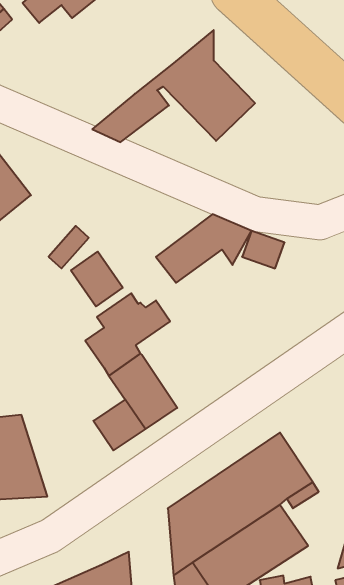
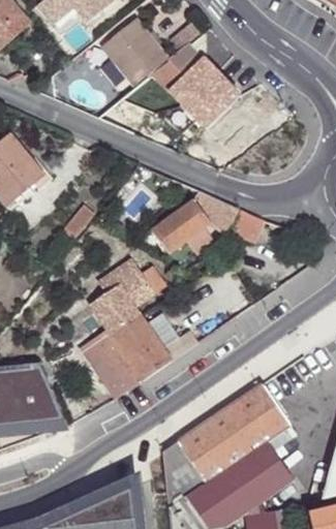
building: none -> [100,15,170,86]
building: [71,252,123,306] -> none
building: none -> [81,325,127,372]

